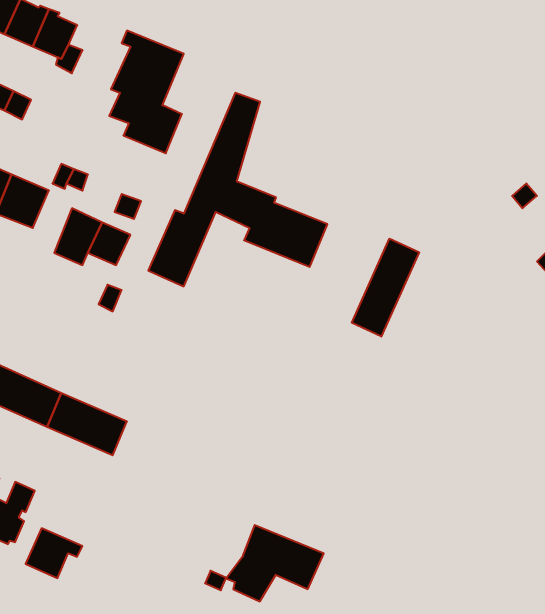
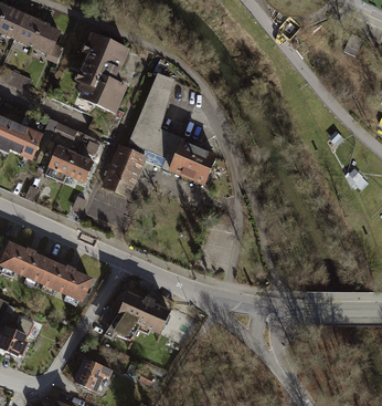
building: [352,239,419,337] -> none
building: [226,525,324,601] -> [109,292,170,340]
building: [26,528,82,578] -> [75,357,110,388]

